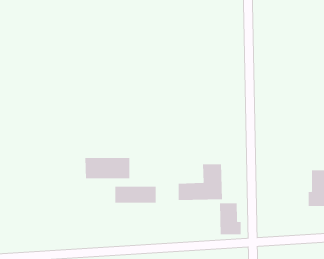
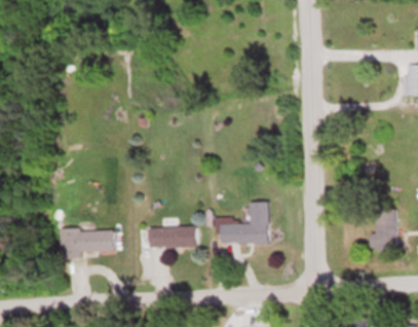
building: [84,157,130,179] -> [61,230,113,255]
building: [219,202,241,235] -> none

